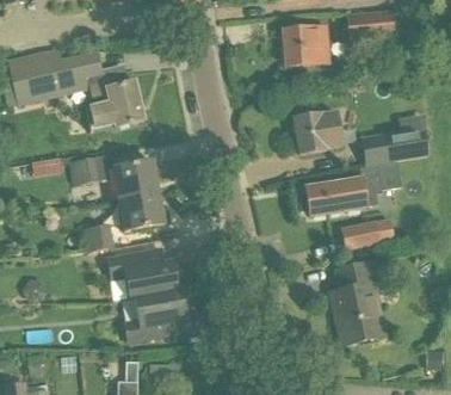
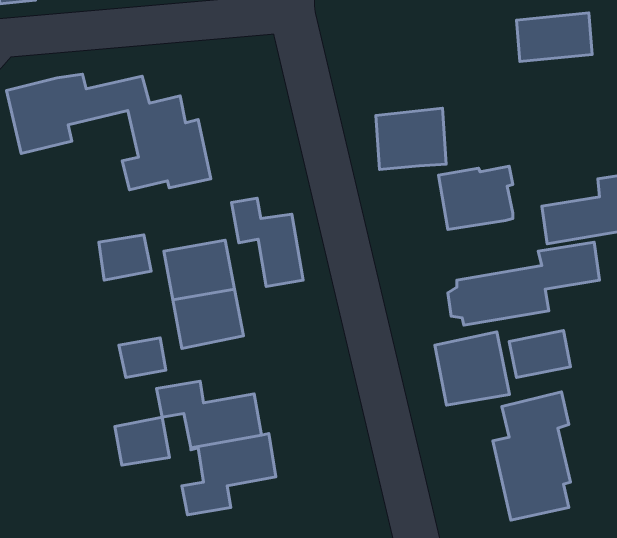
building: [284,25,330,66] -> [376,108,446,170]
building: none -> [231,198,303,287]
building: none -> [435,332,509,405]
building: none -> [115,417,170,465]

